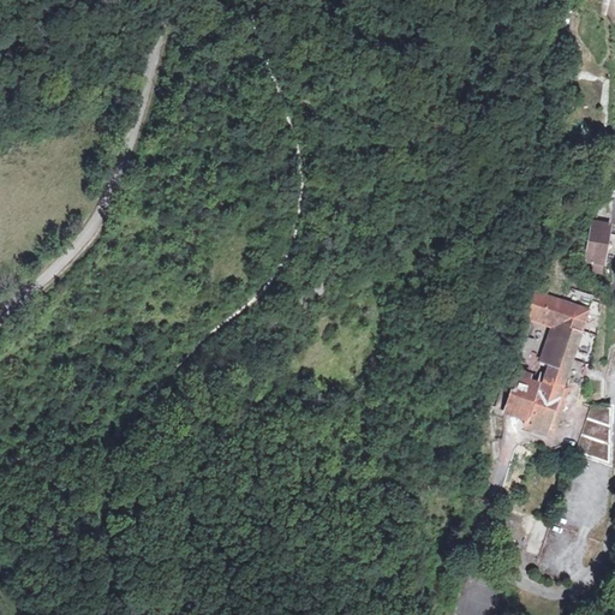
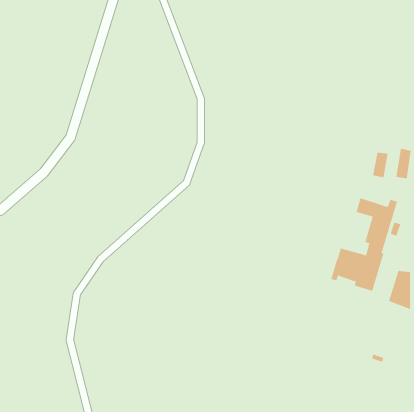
building: none -> [372,152,388,178]

